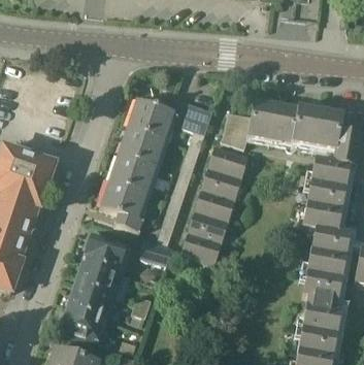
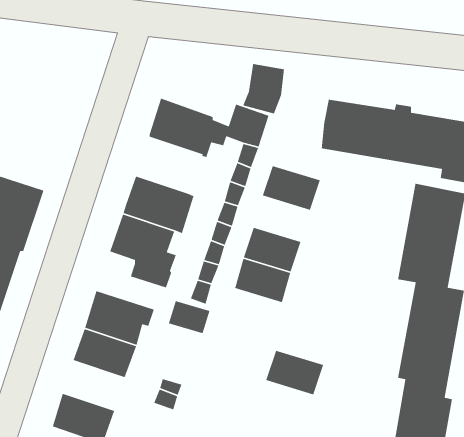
building: [221,110,251,146] -> [242,63,285,115]
building: [119,125,165,164] -> none
building: [201,166,241,198] -> none
building: [180,231,222,263] -> [265,350,324,395]
building: [67,281,111,317] -> none

